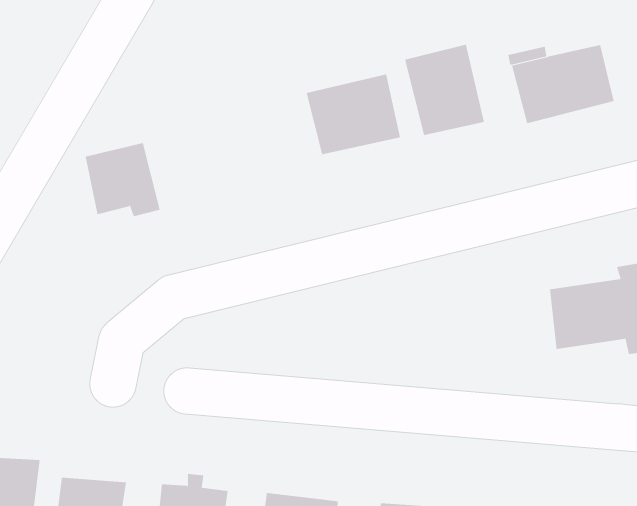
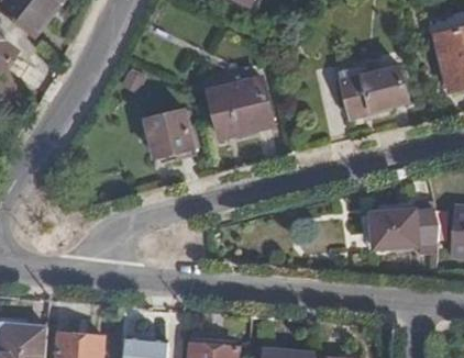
building: [404,44,485,136] -> none
building: [85,143,161,217] -> [144,107,192,154]

